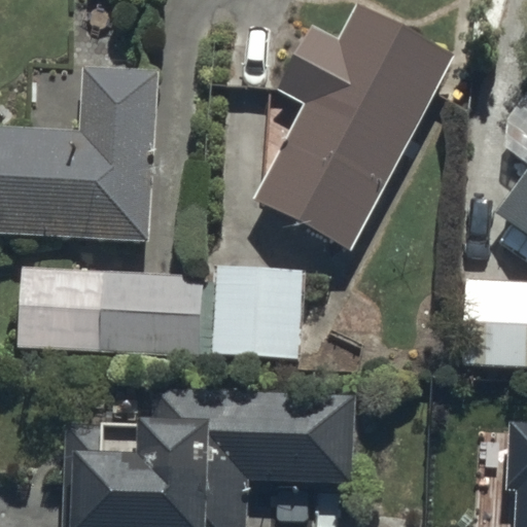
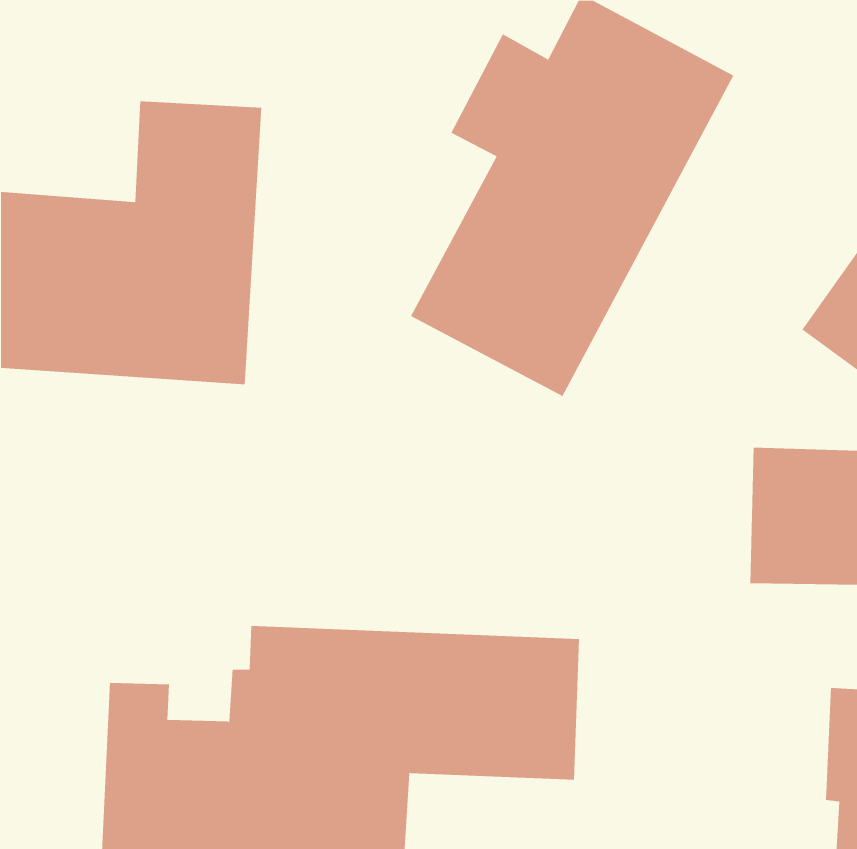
building: [17,269,204,356] -> none
building: [212,269,304,359] -> none

